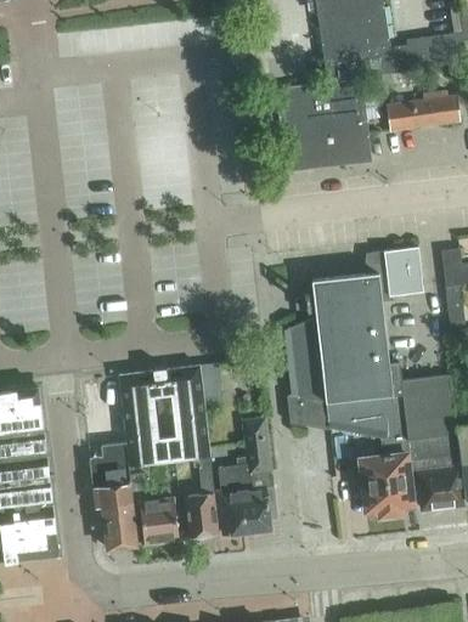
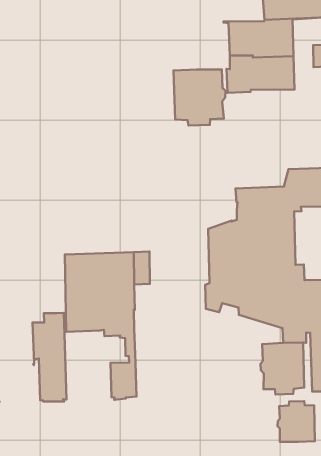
building: none -> [173,69,225,126]
building: [218,418,271,535] -> none
building: [130,474,179,543] -> none
building: none -> [278,401,315,442]

